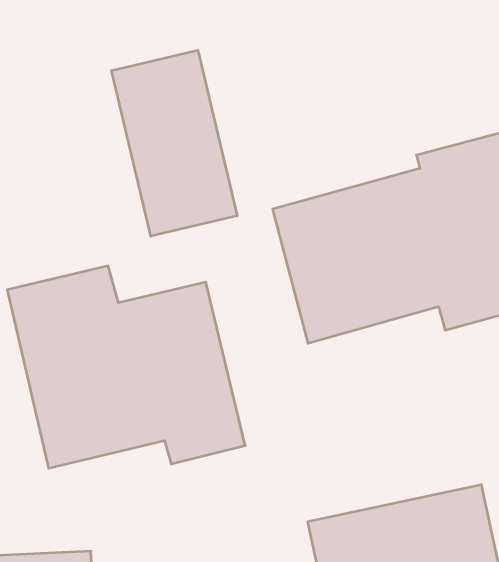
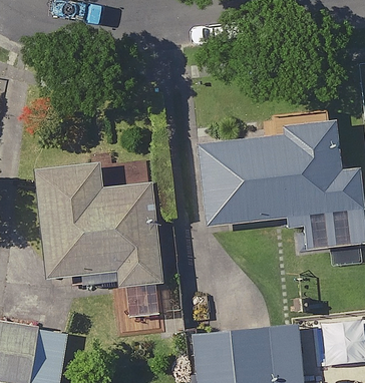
building: [111,50,237,236] -> none

